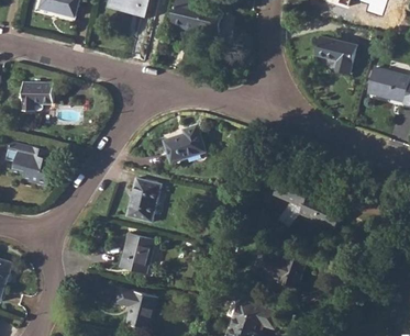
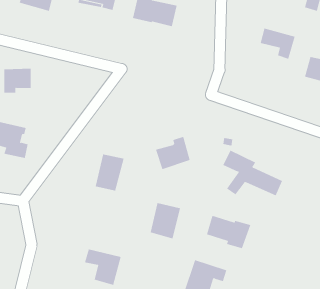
building: [164,124,204,163] -> [155,136,191,170]
building: [120,233,155,275] -> [150,203,181,239]

